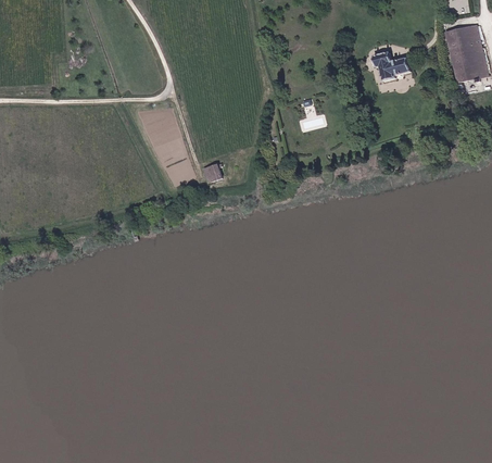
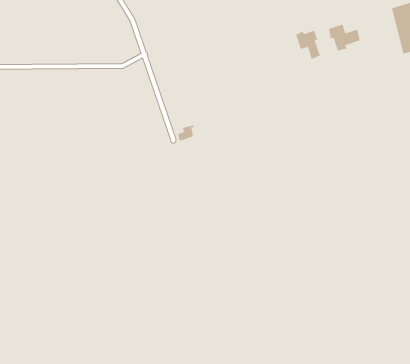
building: none -> [295,30,320,60]

